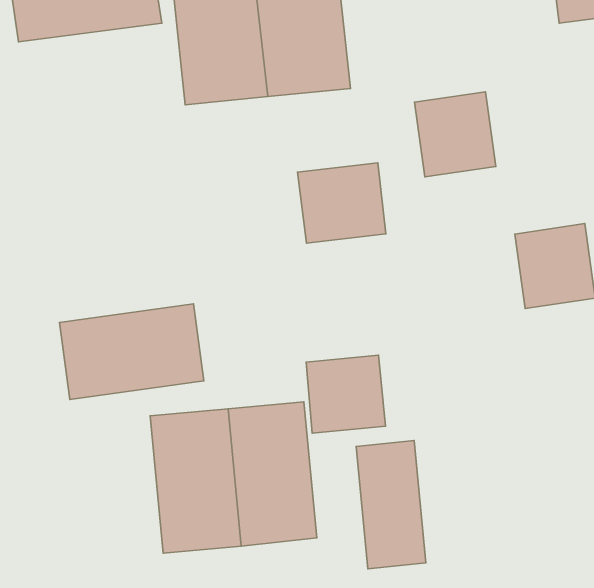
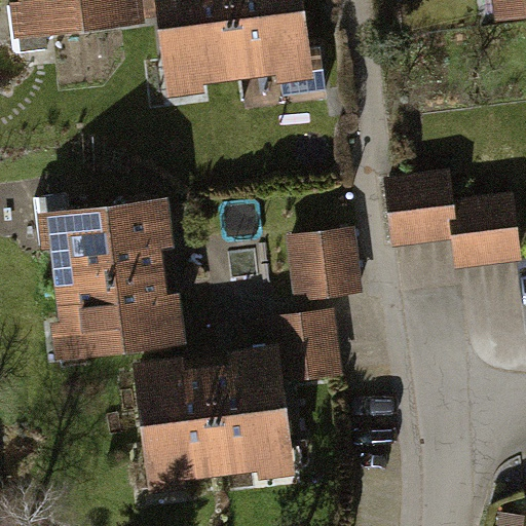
building: [414,92,496,177] -> [386,176,458,251]
building: [297,163,386,243] -> [290,229,368,300]
building: none -> [44,201,172,285]
building: [356,441,426,569] -> none

